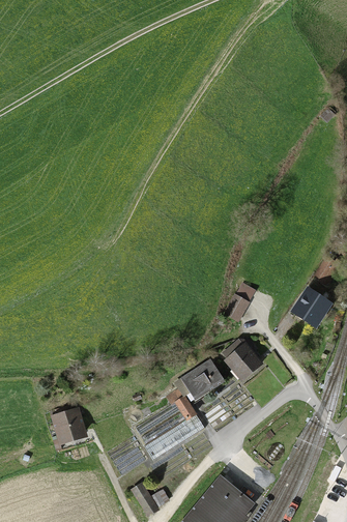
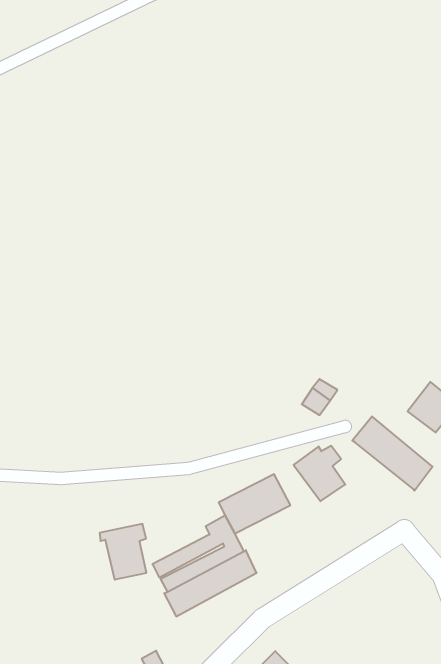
building: none -> [352,416,433,491]
building: [51,403,84,441] -> [100,524,146,580]

